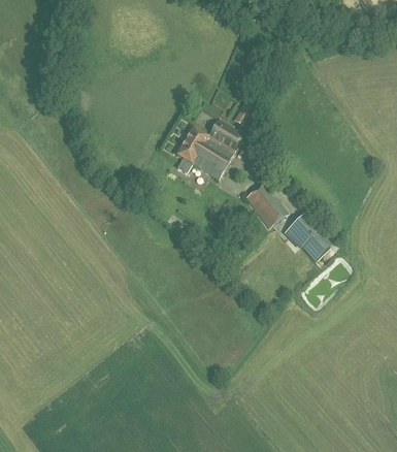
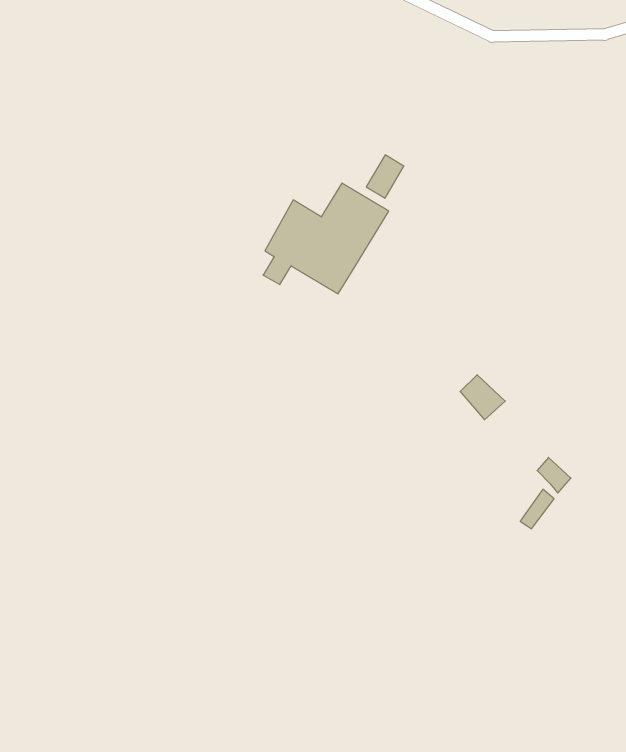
building: [246,182,289,227] -> none
building: [294,216,329,259] -> none

